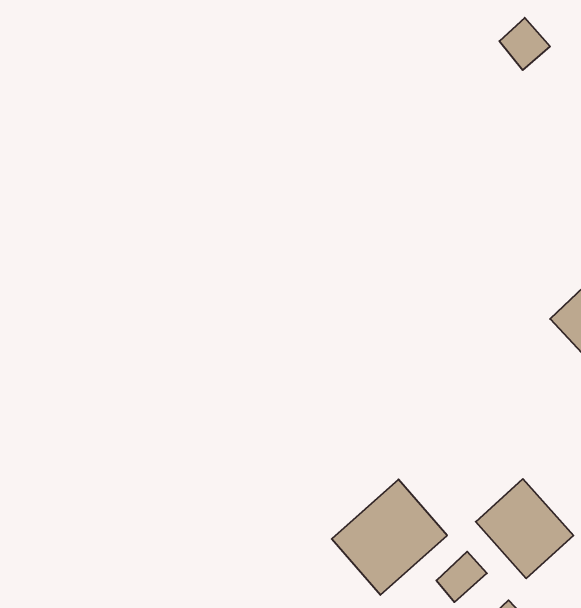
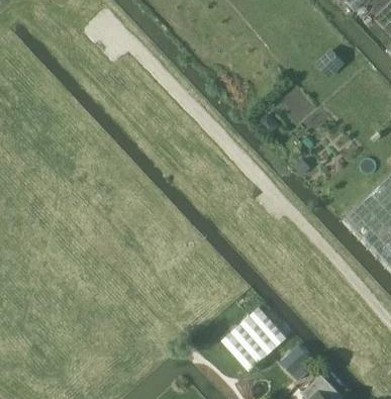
building: [476,479,573,578] -> none

